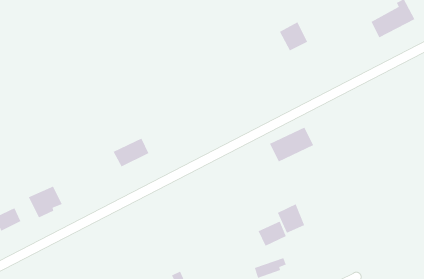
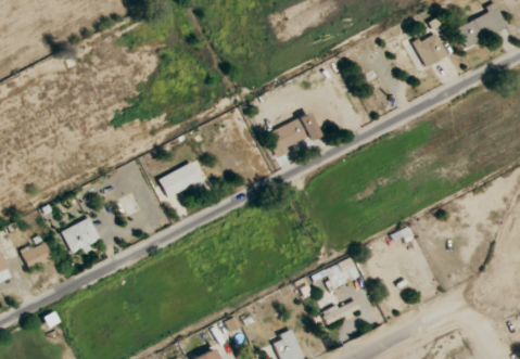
building: [279,21,308,51] -> [413,33,446,67]
building: [269,127,314,163] -> [267,113,319,154]
building: [277,203,305,234] -> none

